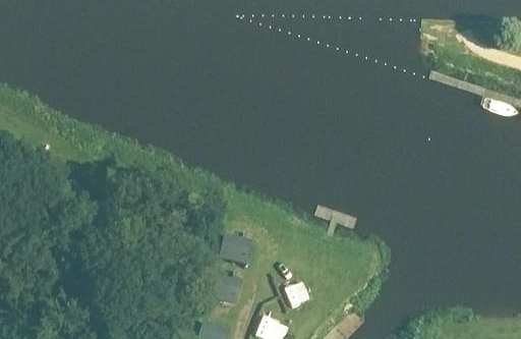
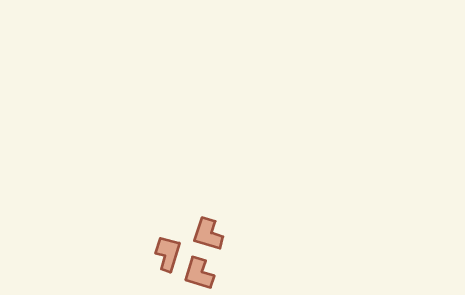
building: none -> [156,238,179,272]

